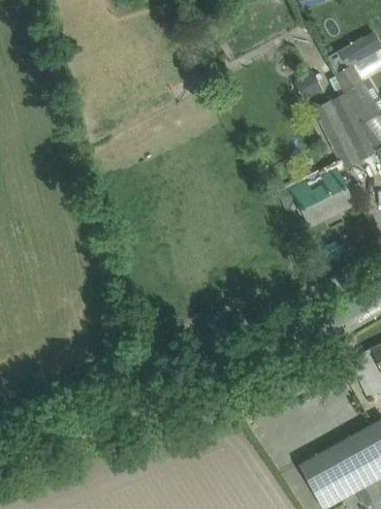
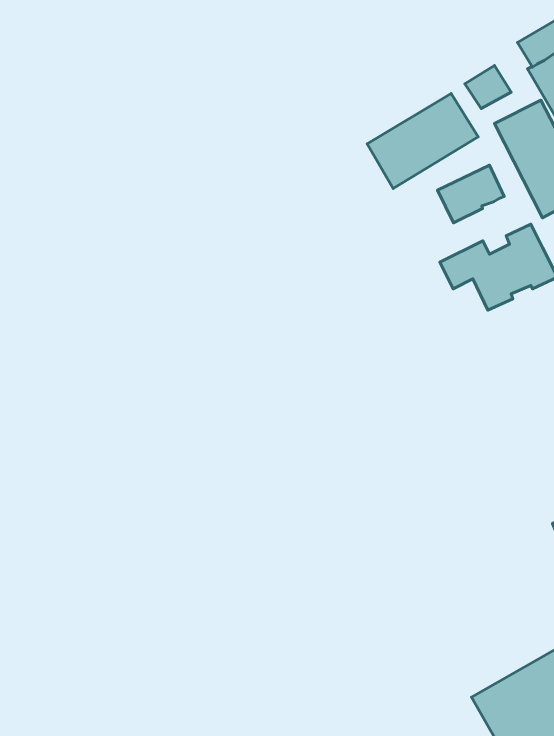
building: none -> [367,93,478,189]
building: none -> [437,165,504,223]

